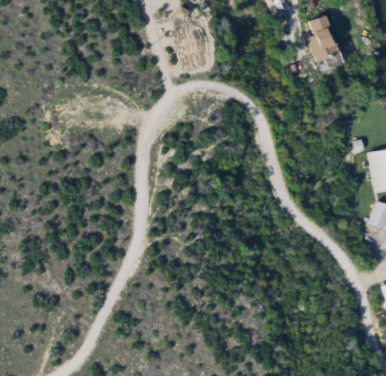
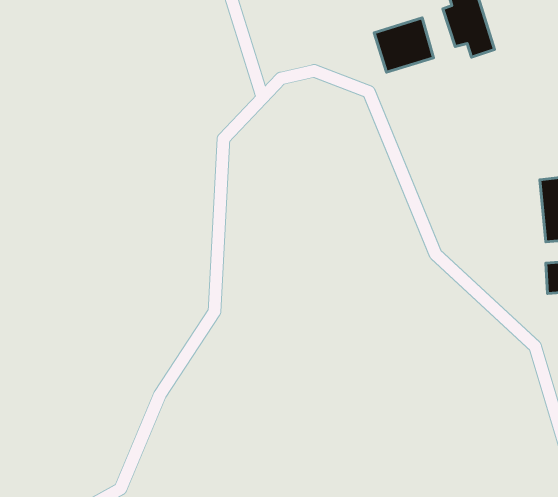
building: none -> [374,18,434,72]

